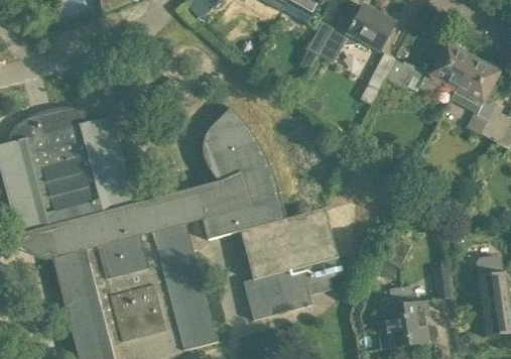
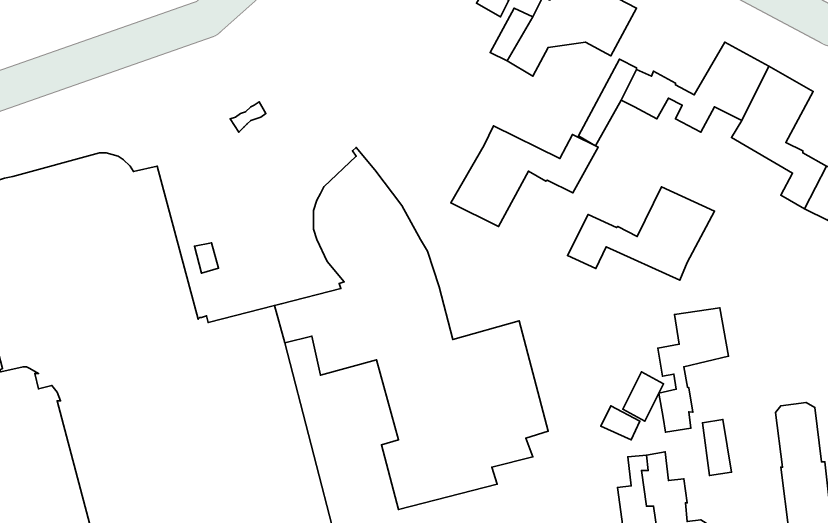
building: none -> [451,126,598,227]
building: none -> [567,187,714,280]
building: none -> [658,308,728,432]

